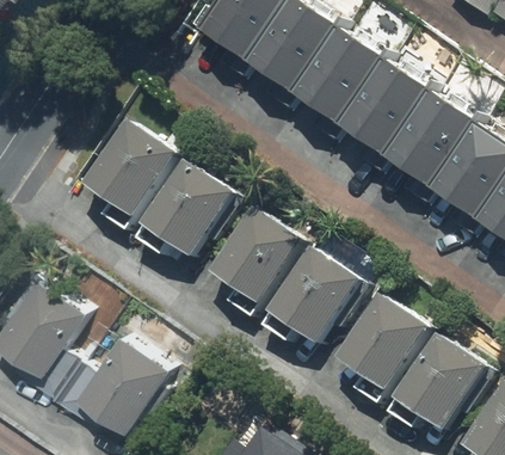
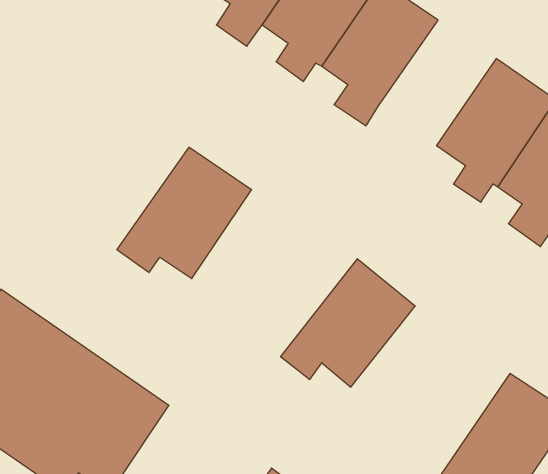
building: [340,60,432,173] -> none
building: [82,119,179,233] -> none
building: [210,202,306,320] -> none
building: [337,290,433,408] -> none

